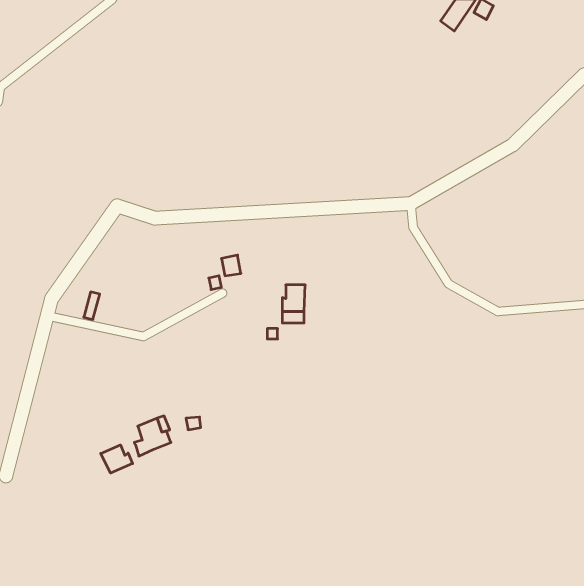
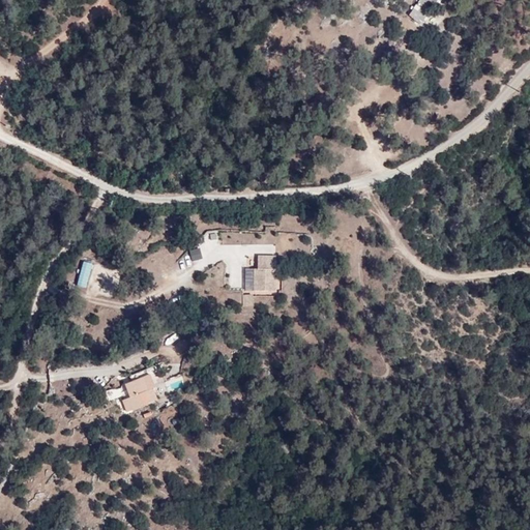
building: [101,445,133,473] -> none

